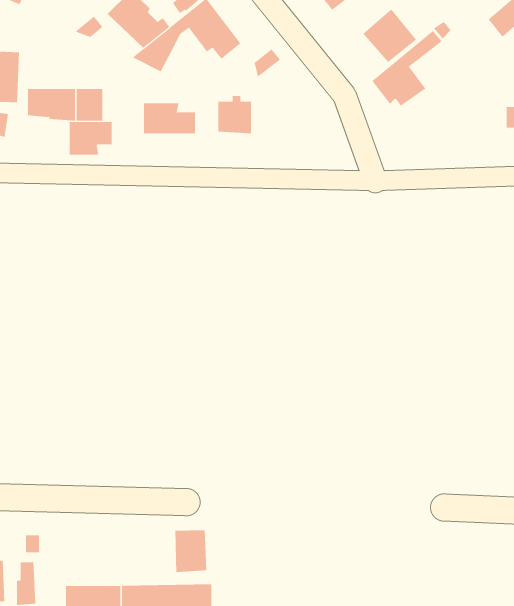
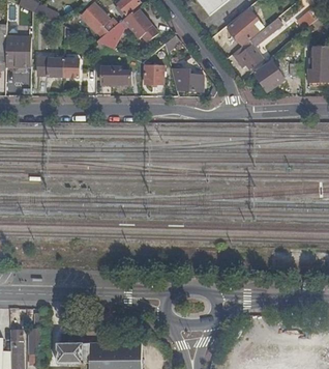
building: none -> [255,60,285,90]
building: none -> [171,68,205,91]
building: [69,121,112,155] -> none
building: [175,529,207,573] -> none

